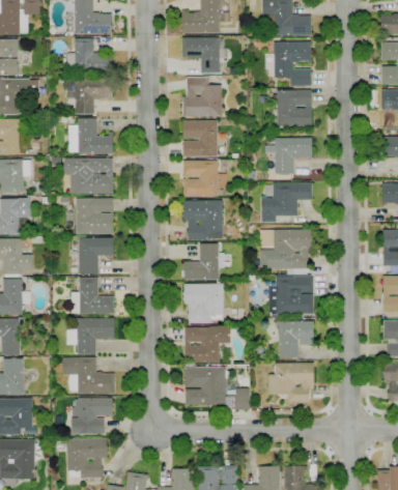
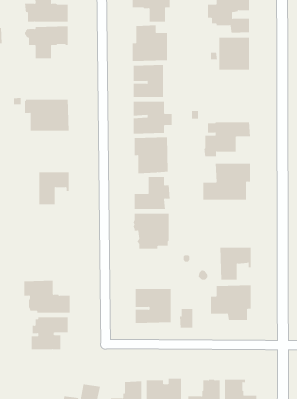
building: [69,118,113,154] -> none
building: [267,138,313,175] -> none
building: [65,198,114,234] -> none
building: [72,278,114,314] -> none
building: [268,278,314,315] -> none
building: [67,318,115,354] -> none
building: [184,326,231,363] -> none
building: [67,438,108,479] -> none

